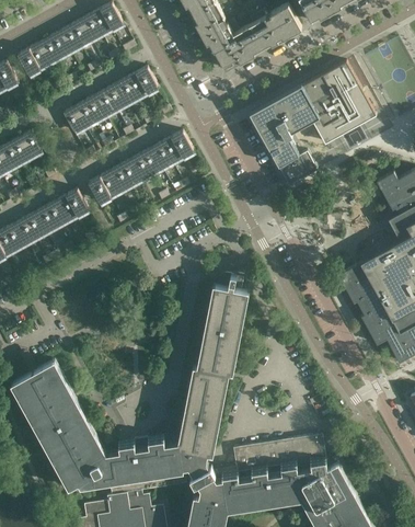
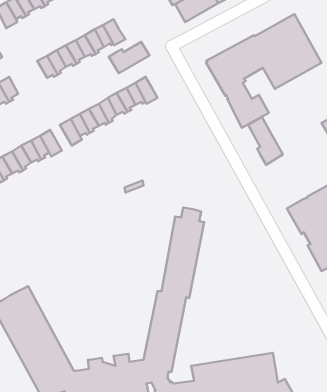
building: none -> [109,42,149,73]
building: none -> [248,117,283,165]

